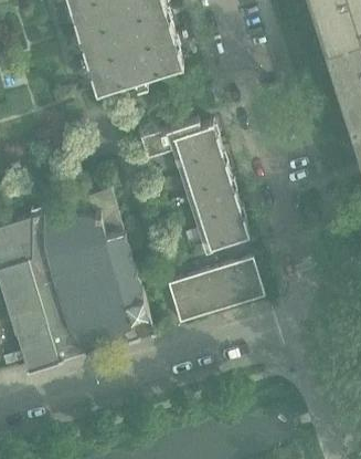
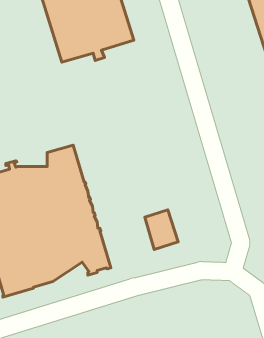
building: [138,122,247,258] -> none
building: [222,260,263,307] -> none
building: [166,278,205,325] -> none

